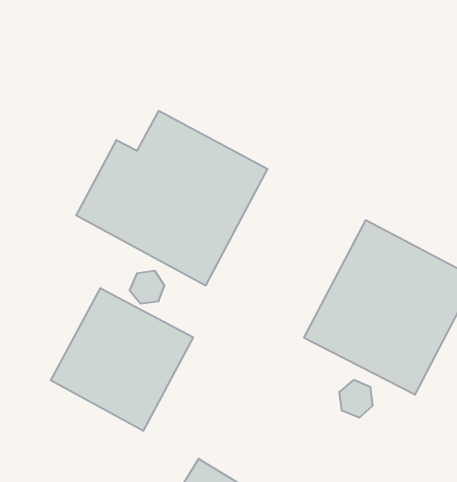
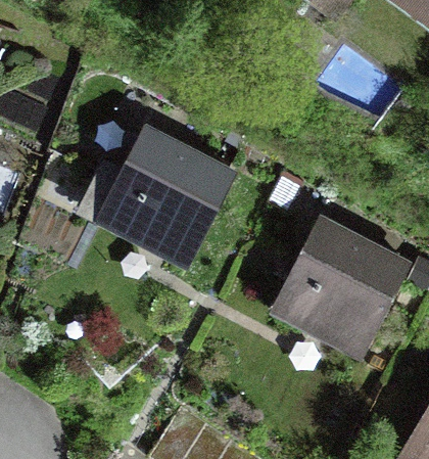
building: [51,288,193,431] -> none

